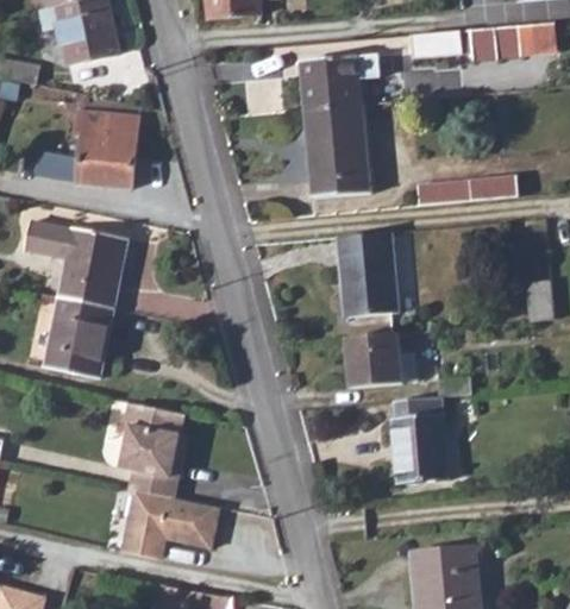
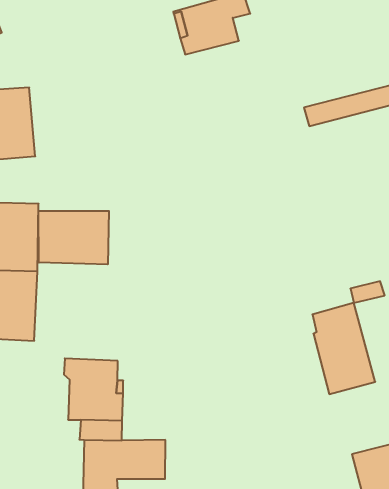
building: [305,102,371,197] -> none
building: [336,231,396,318] -> none
building: none -> [38,211,109,264]
building: [344,332,414,388] -> none

